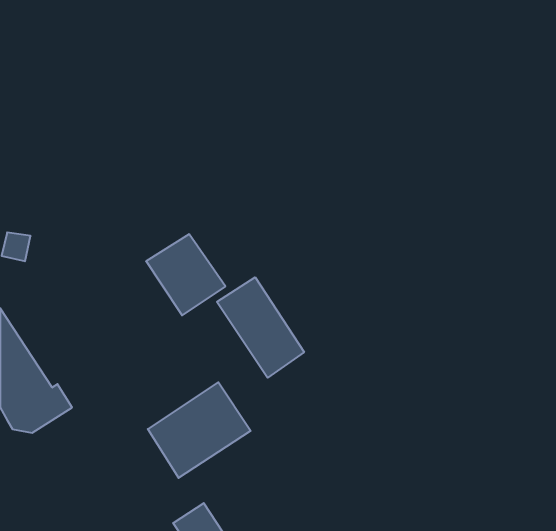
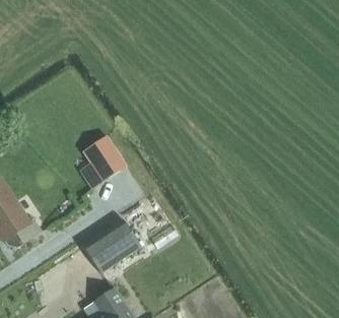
building: [217,277,304,378] -> none

